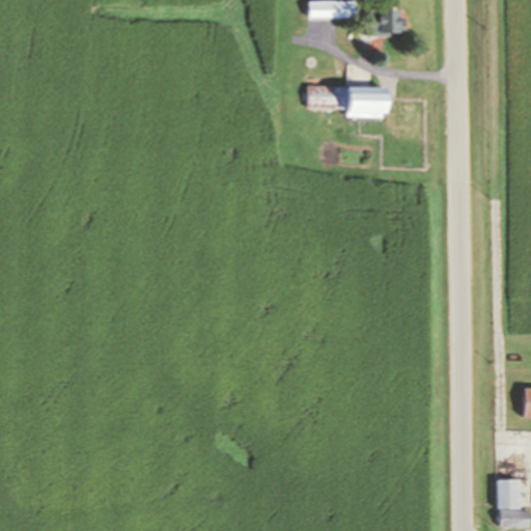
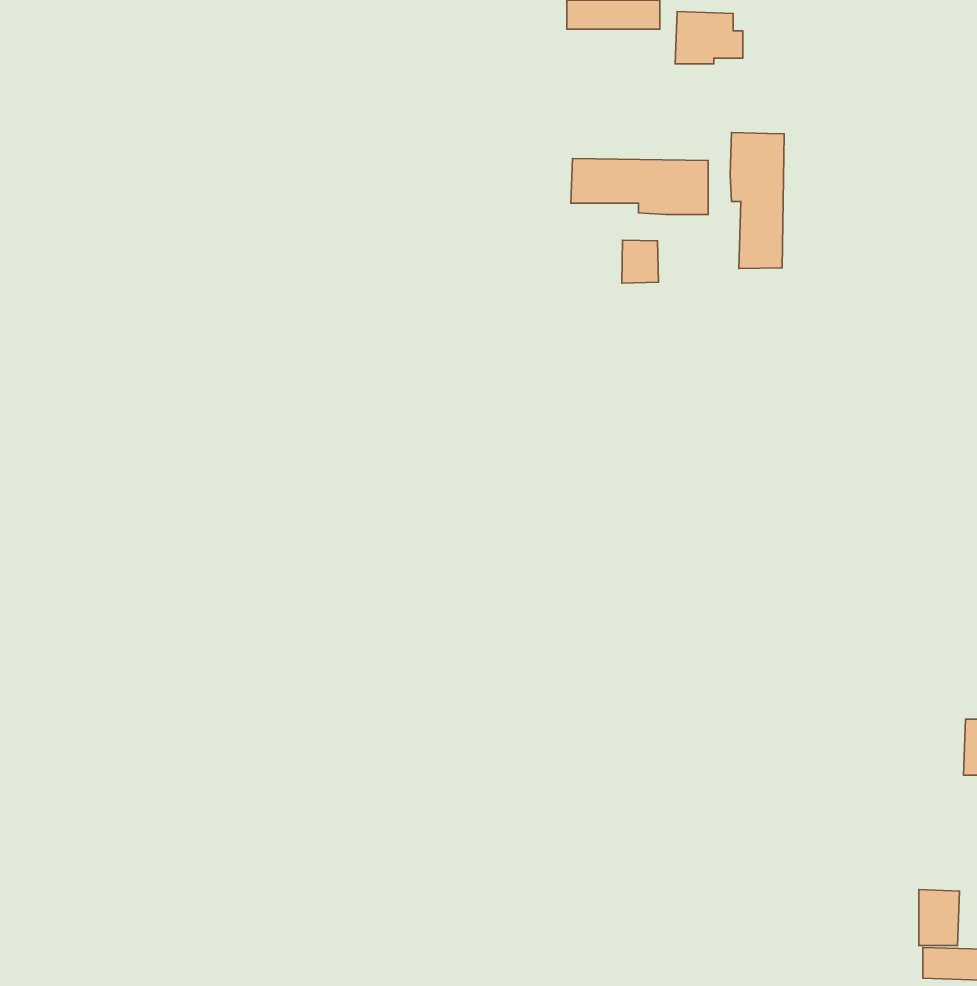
building: none -> [730,132,784,269]
building: none -> [622,240,659,283]

